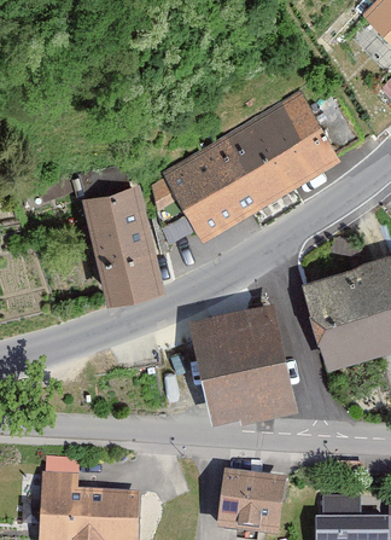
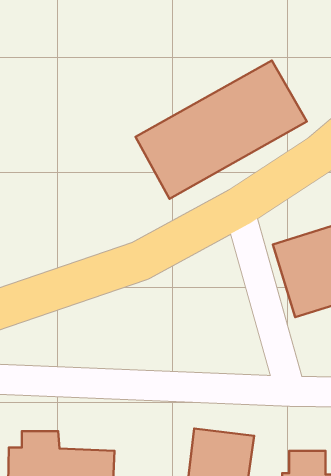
building: [82,184,163,300] -> none
building: [189,307,299,424] -> none

